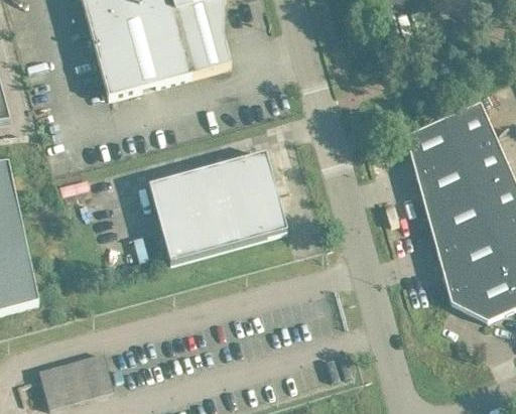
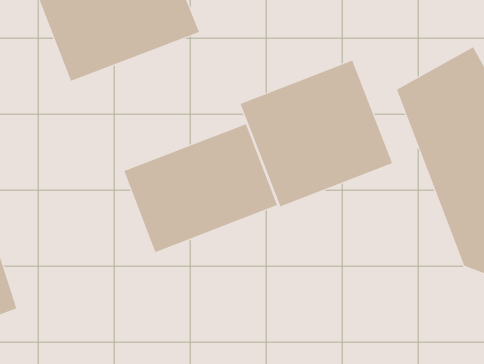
building: none -> [240,60,393,207]

